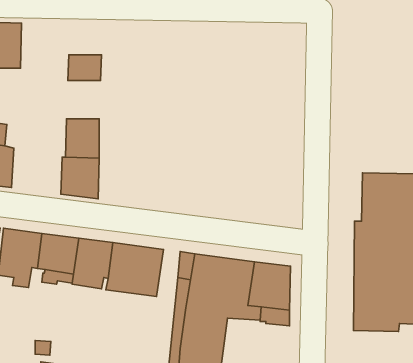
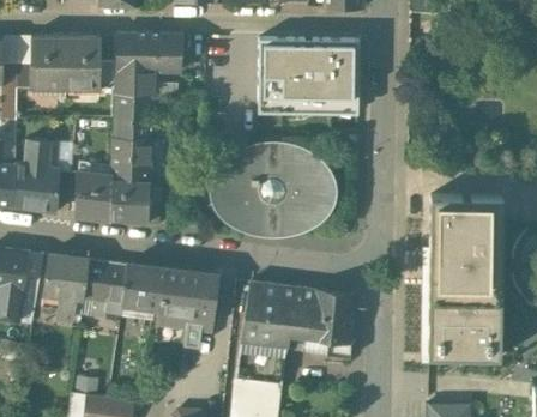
building: none -> [117,34,182,71]
building: none -> [66,37,102,86]
building: none -> [258,40,360,114]
building: none -> [115,98,151,139]
building: none -> [219,152,327,228]
building: none -> [76,174,110,219]

